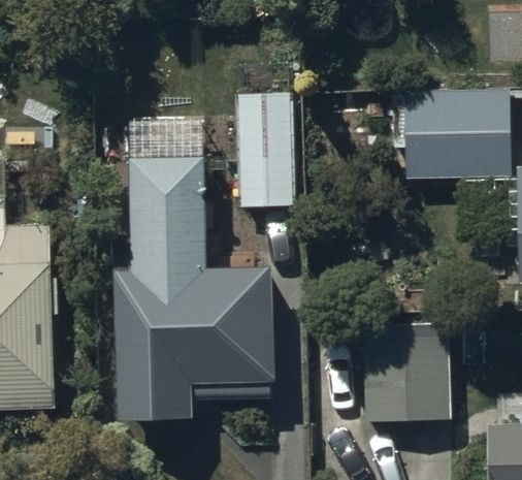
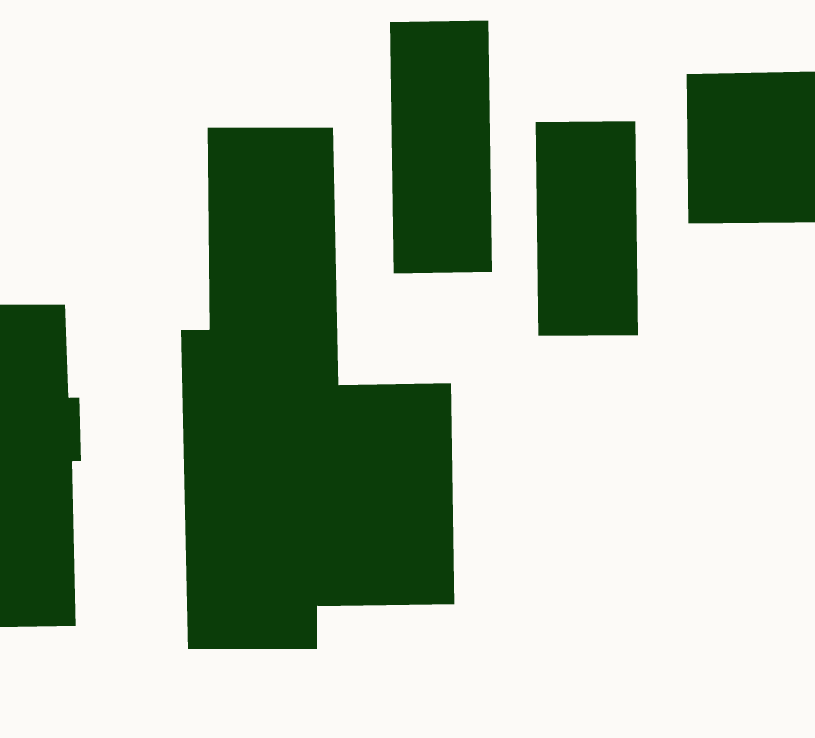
building: none -> [535,121,638,337]
building: [360,322,450,422] -> none

